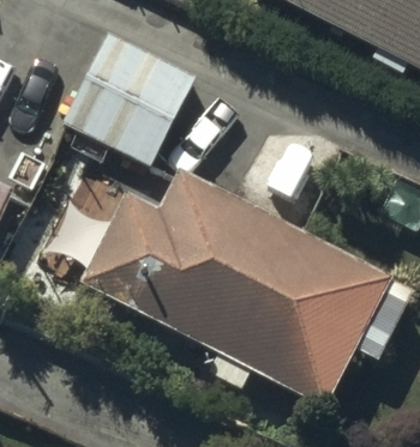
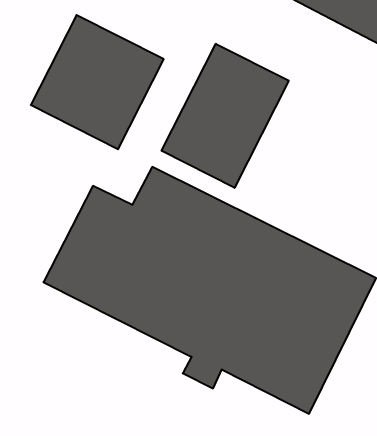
building: none -> [162,44,289,188]

